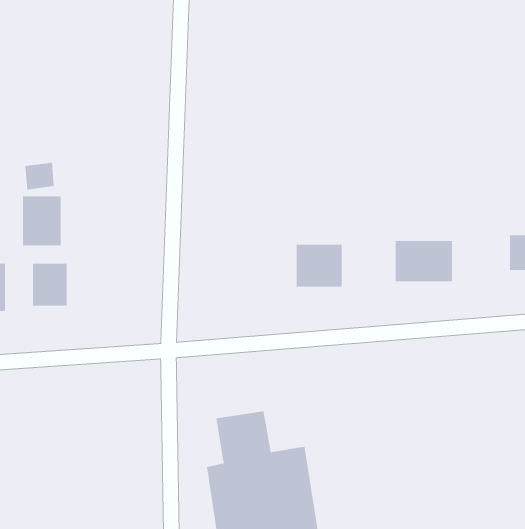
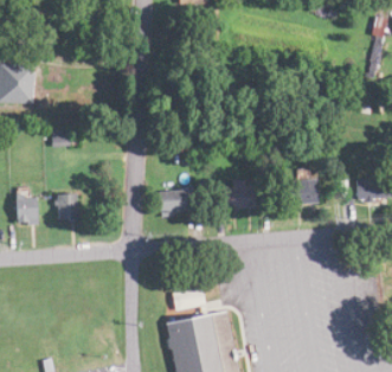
building: [22,195,61,246] -> none
building: none -> [158,191,191,213]

